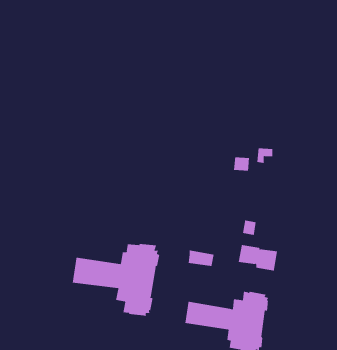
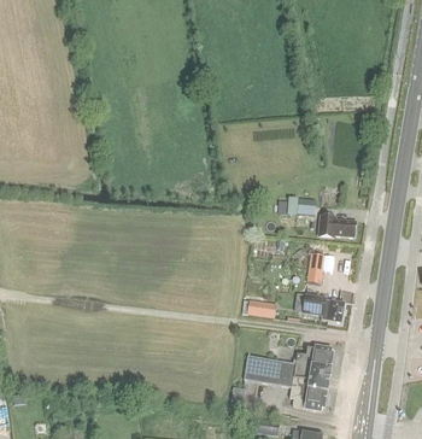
building: none -> [317,215,357,238]
building: [72,243,160,317] -> none

